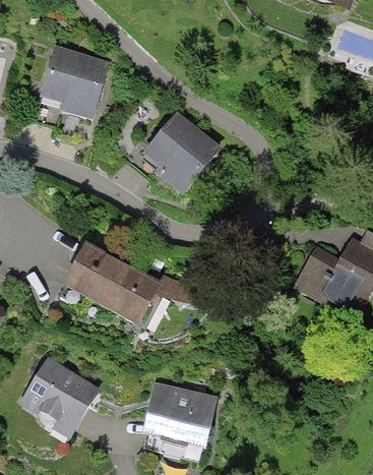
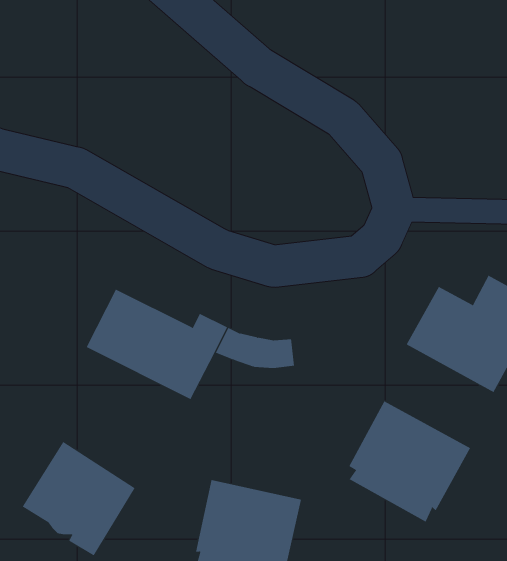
building: [20,43,110,124] -> none
building: [122,108,223,194] -> none
building: none -> [349,400,471,522]

